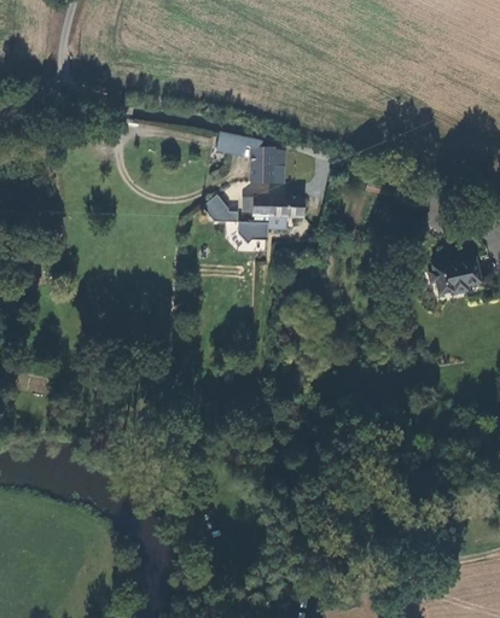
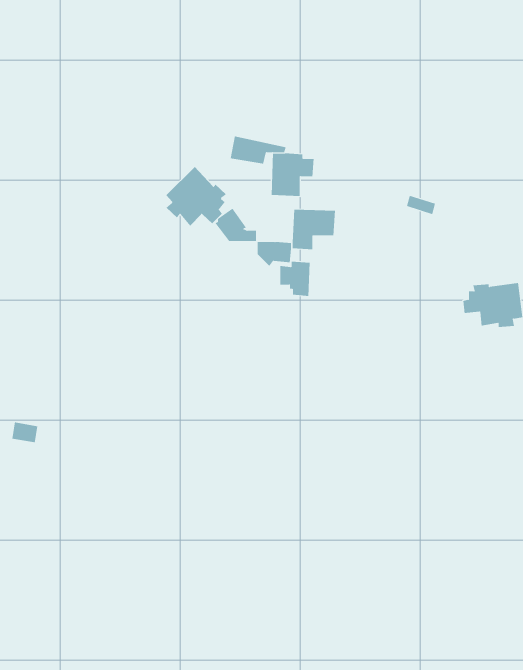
building: none -> [166,166,227,226]
building: [244,193,271,223] -> [279,261,310,296]

